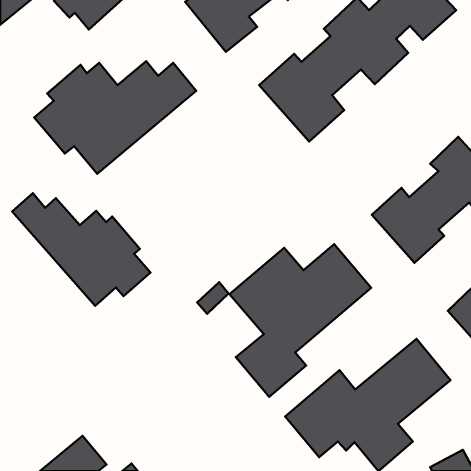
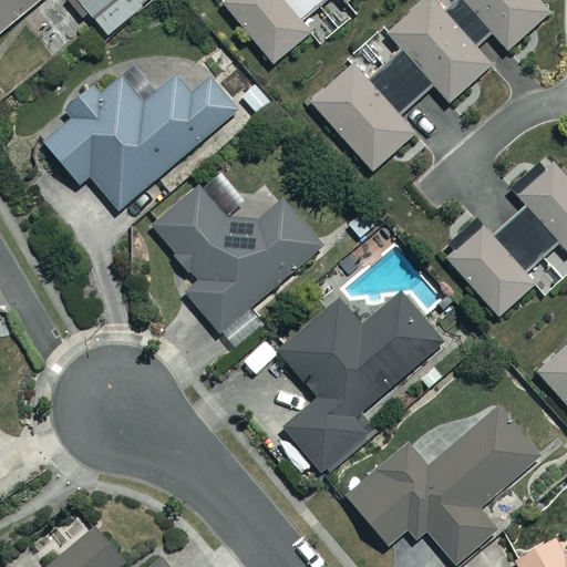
building: none -> [150,184,323,334]
building: [12,193,151,306] -> none

